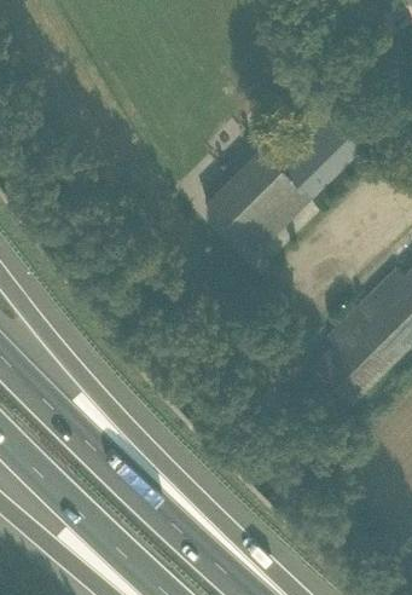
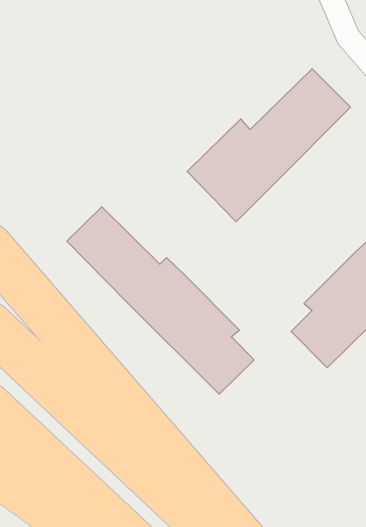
building: none -> [67,207,254,394]

